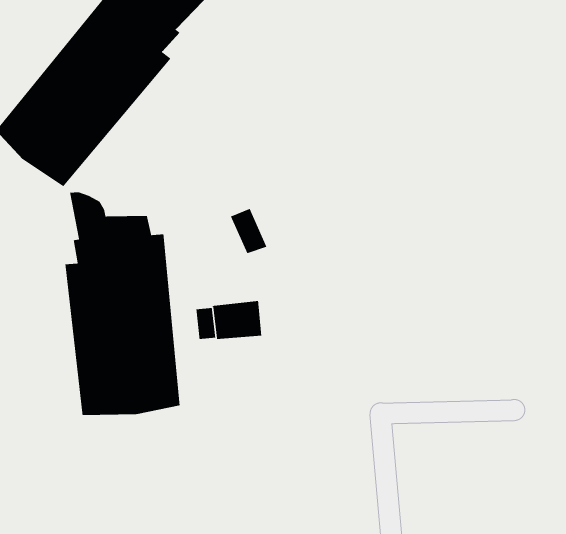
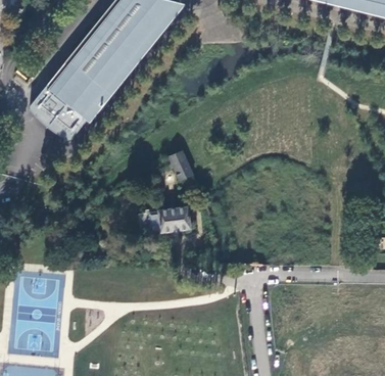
building: [65,191,180,416] -> none

